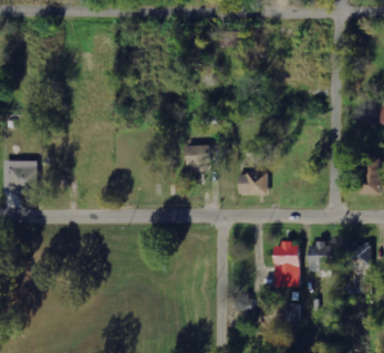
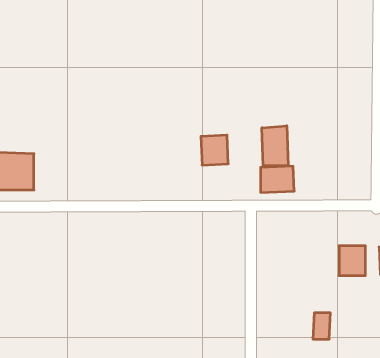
building: none -> [262,126,288,166]
building: [273,242,299,285] -> none

